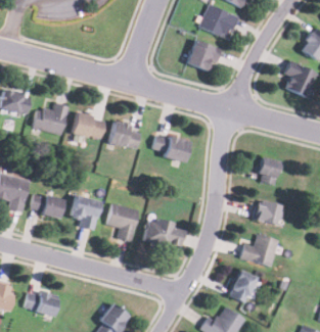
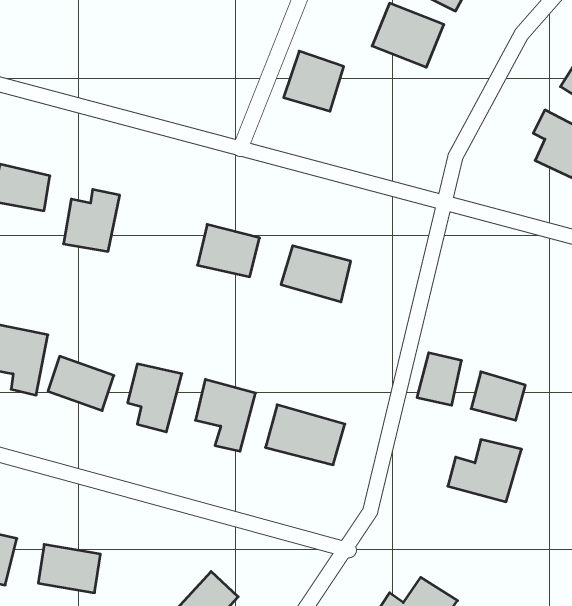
building: [187,40,219,72] -> [284,51,344,111]
building: [73,112,104,139] -> none
building: [256,157,279,185] -> [417,353,462,405]
building: [228,271,257,303] -> none

